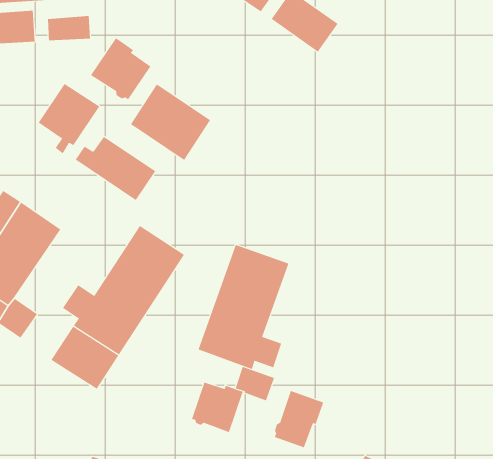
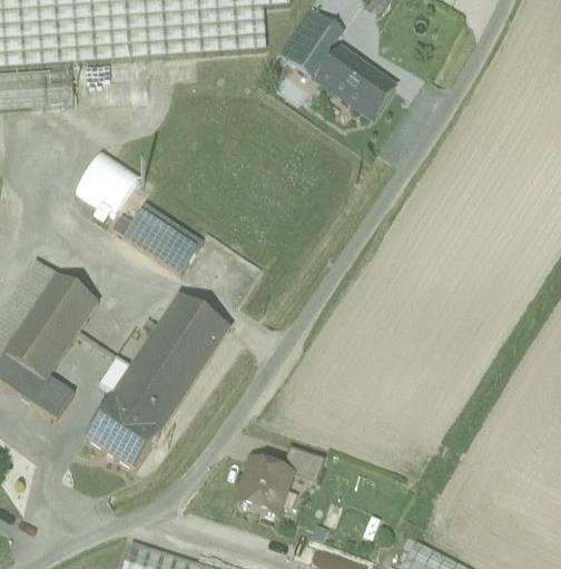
building: [90,37,151,100] -> none
building: [130,84,211,161] -> none
building: [198,244,289,370] -> none
building: [274,390,324,448] -> none

